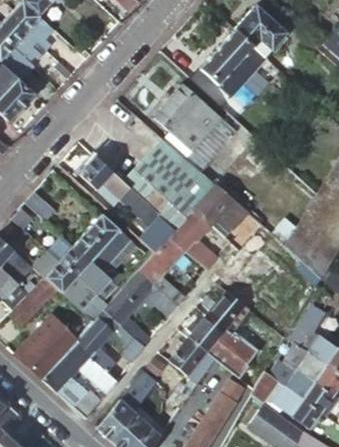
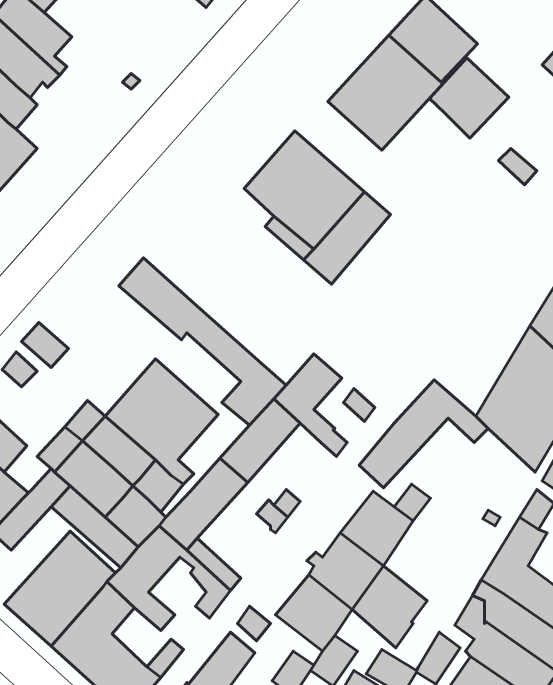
building: none -> [429,58,509,138]
building: [124,139,200,215] -> none
building: [193,185,245,228] -> none

